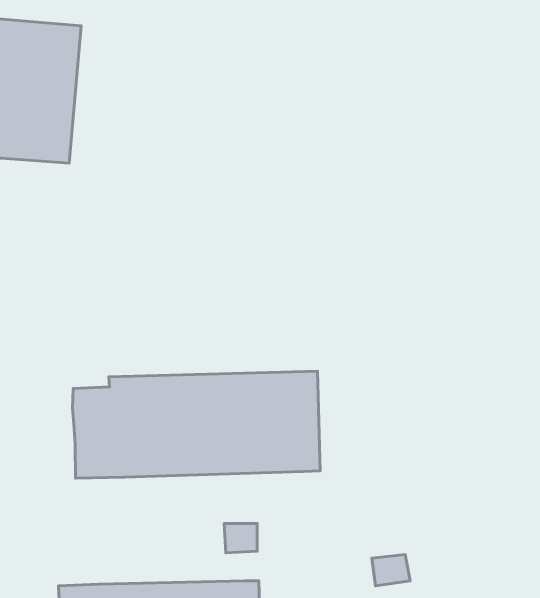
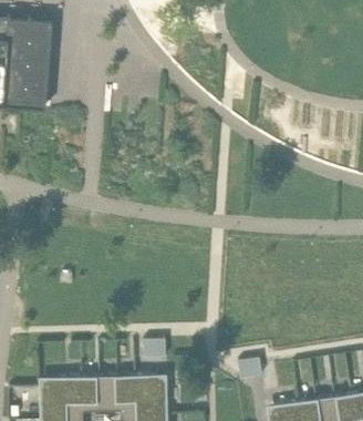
building: [73,371,320,478] -> none

